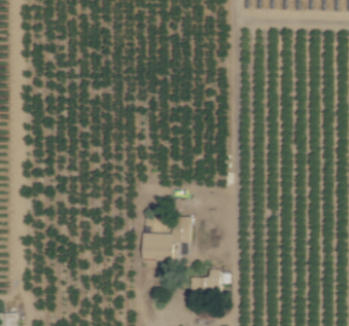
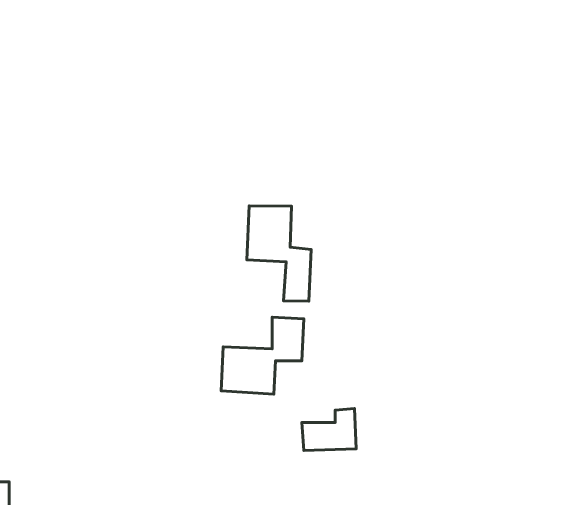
building: none -> [247,206,311,301]

